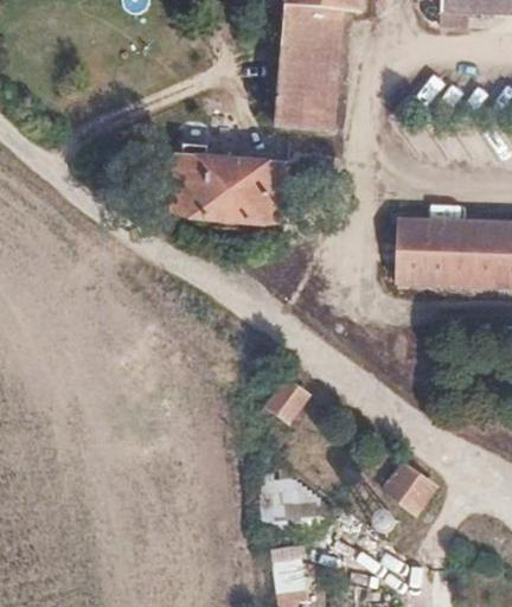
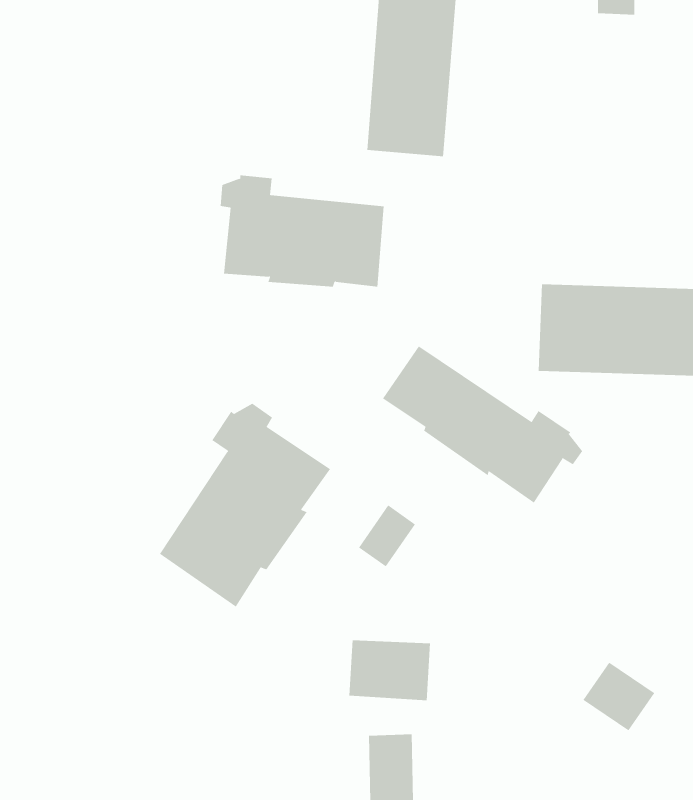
building: none -> [382,346,583,504]
building: none -> [159,403,331,607]
building: [384,465,436,515] -> [583,662,655,731]

